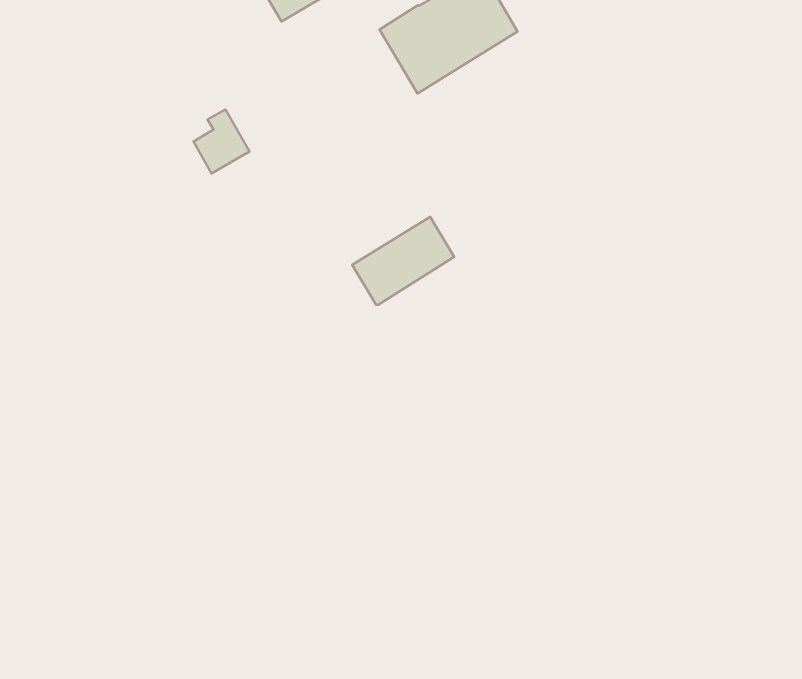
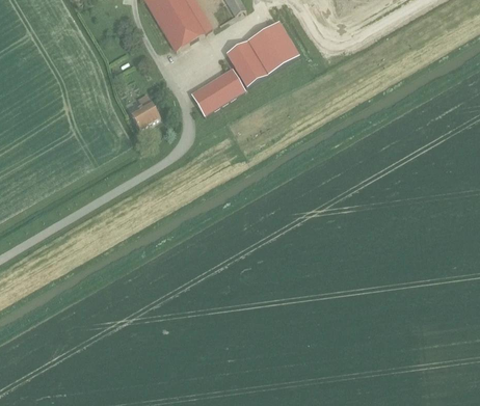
building: [352,217,454,305] -> [191,69,244,114]

